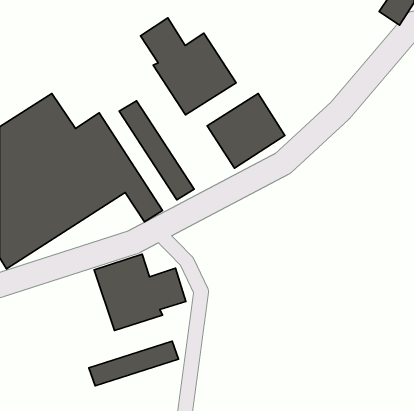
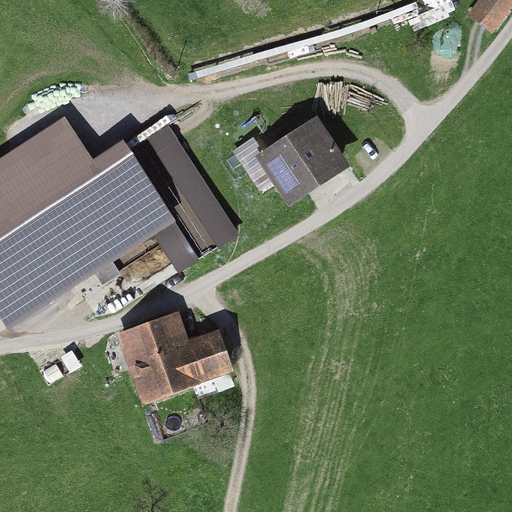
building: [141,18,236,115] -> none
building: [89,341,178,386] -> none

